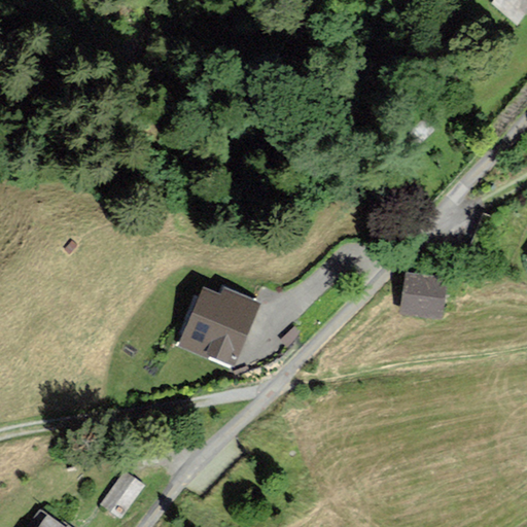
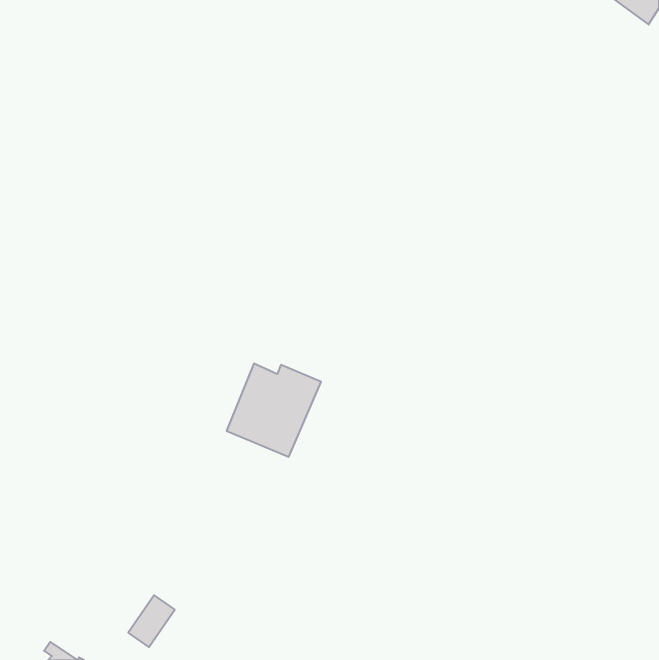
building: [402,274,443,315] -> none

